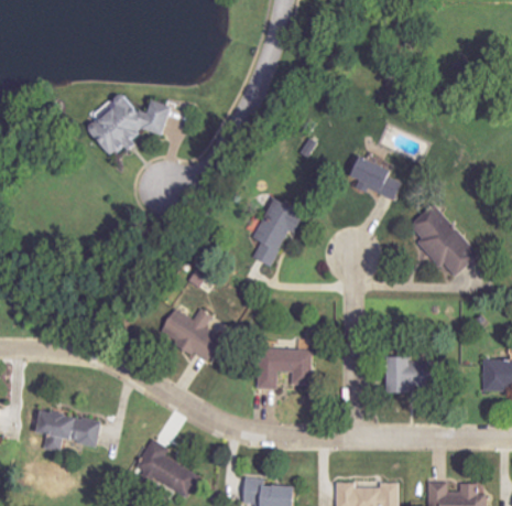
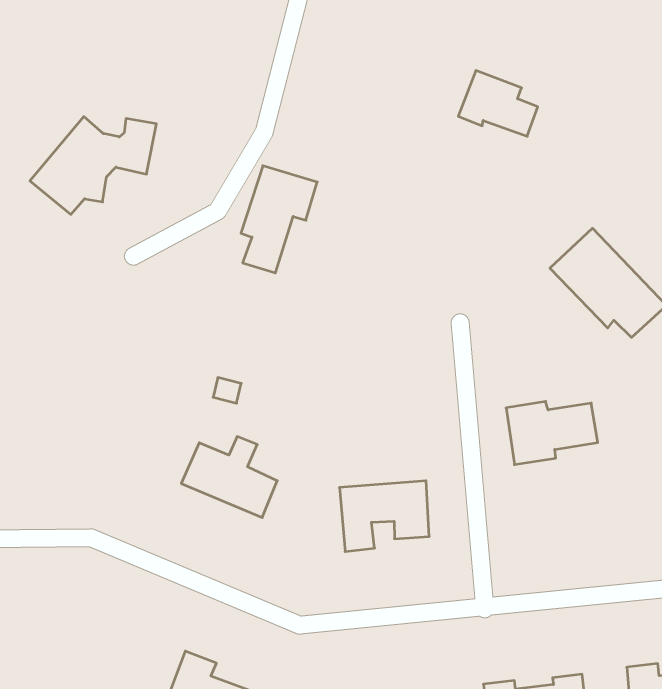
building: [351,155,402,201] -> [458,71,538,136]
building: [251,197,304,266] -> [241,166,317,273]
building: [386,355,442,392] -> [506,401,598,465]
building: [48,411,100,446] -> none

